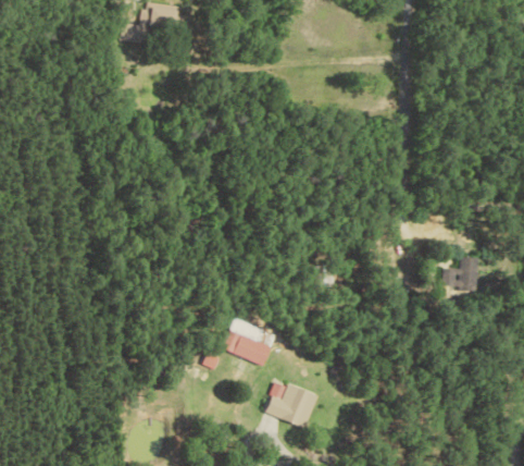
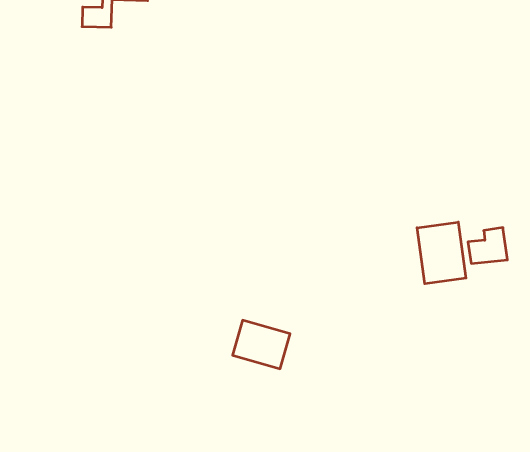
building: none -> [417,222,466,284]
building: [266,383,320,429] -> none

